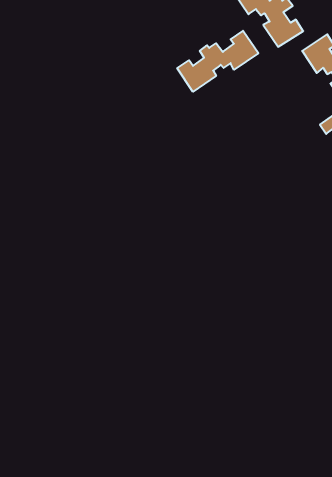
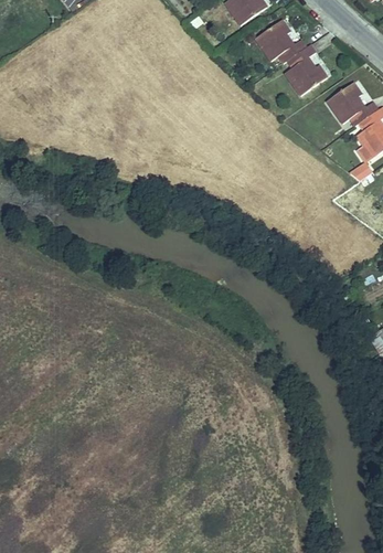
building: [177,31,258,92] -> none

